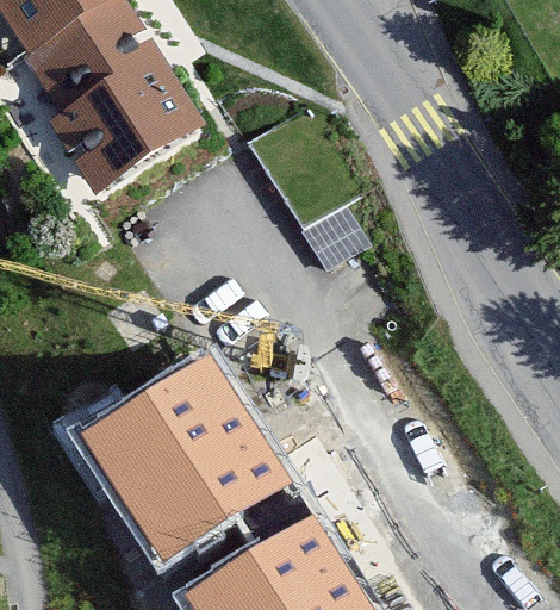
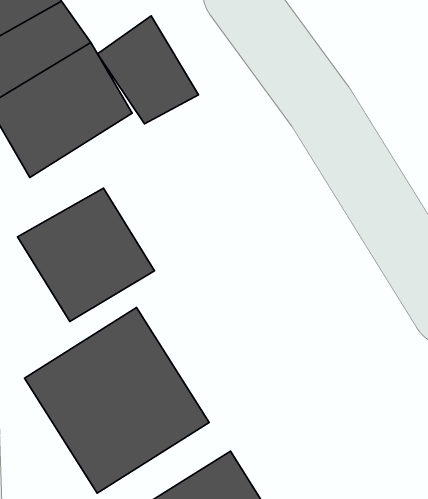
building: none -> [98,16,199,124]
building: none -> [17,188,154,322]

